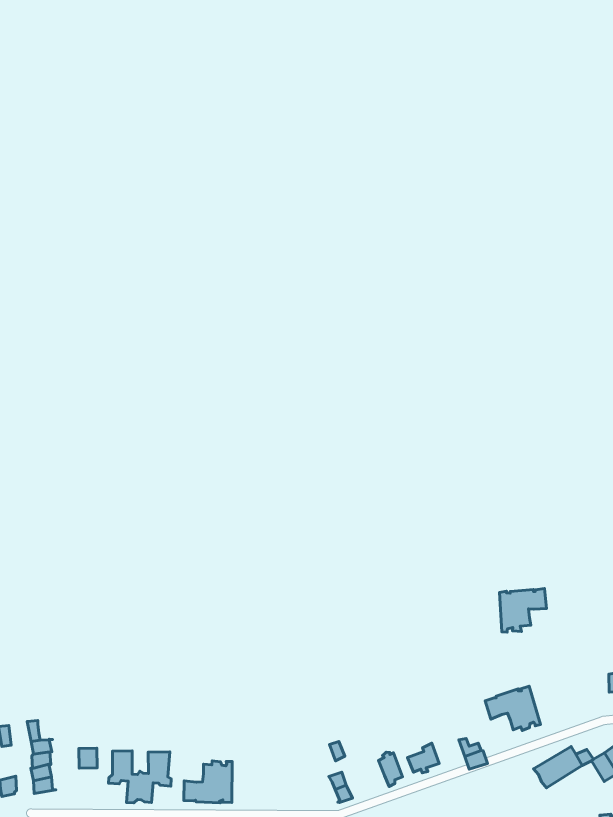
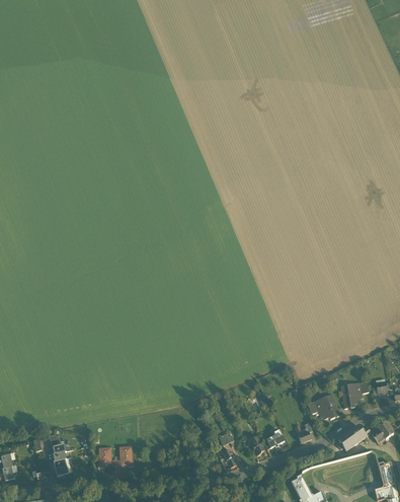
building: [499,589,546,632] -> [341,381,369,408]
building: [184,761,232,803] -> none

